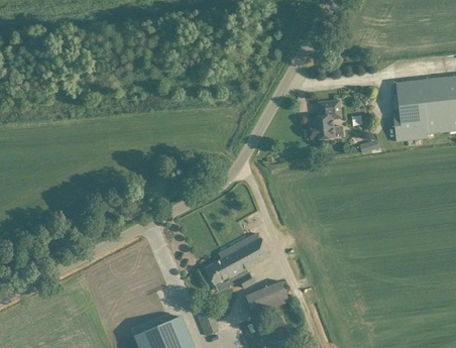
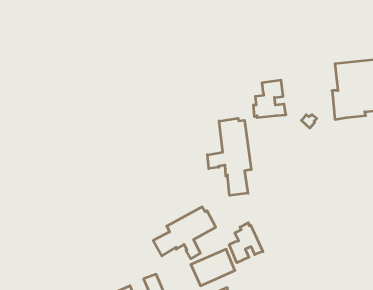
building: none -> [207,118,251,195]
building: none -> [229,223,263,263]

